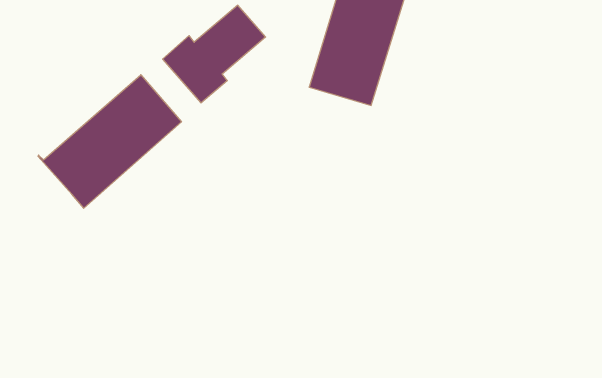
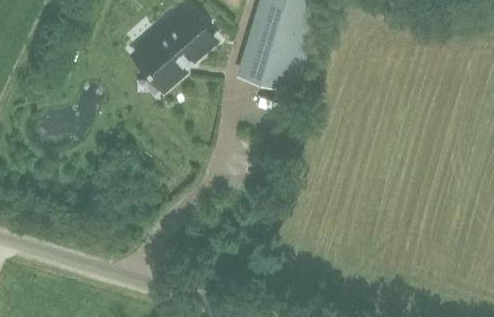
building: [38,75,181,208] -> none

